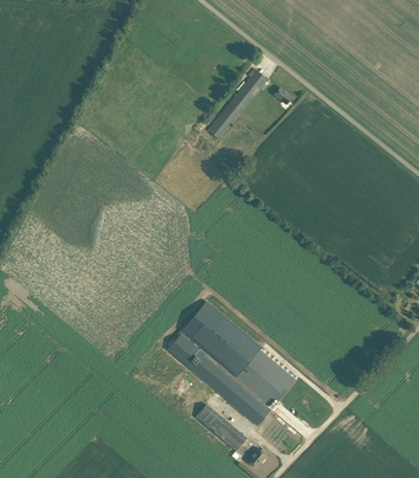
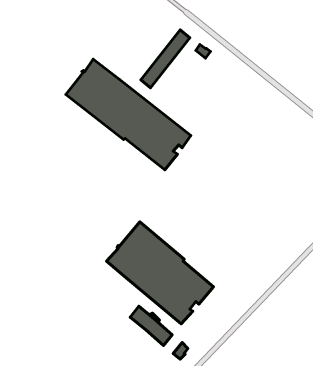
building: none -> [66,59,191,170]

